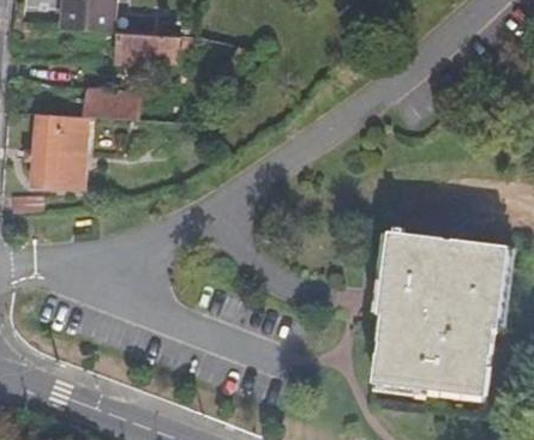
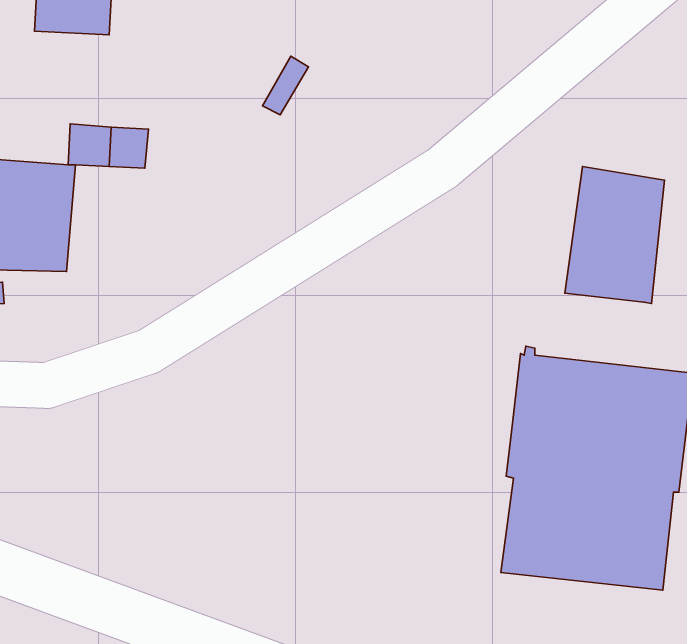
building: [115,26,193,61] -> none
building: none -> [565,167,665,304]

